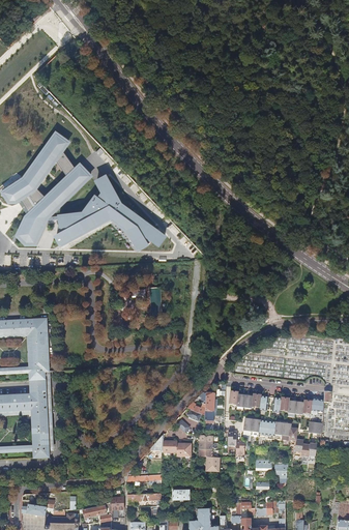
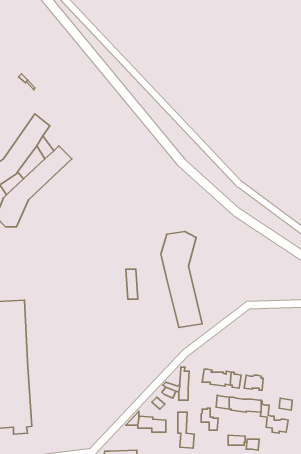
building: [55,175,164,248] -> none
building: none -> [161,231,202,327]
building: [290,400,323,415] -> none

